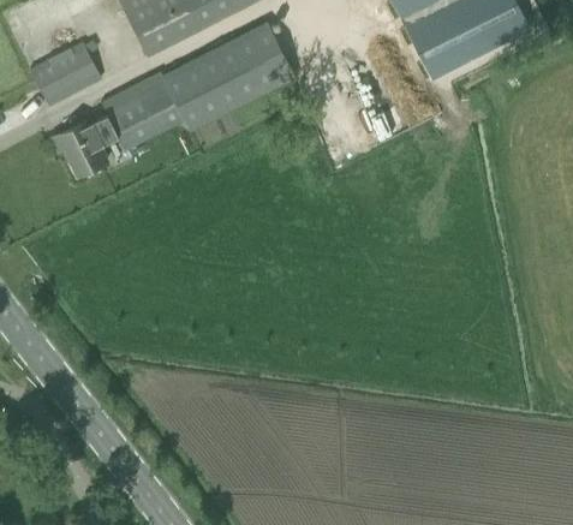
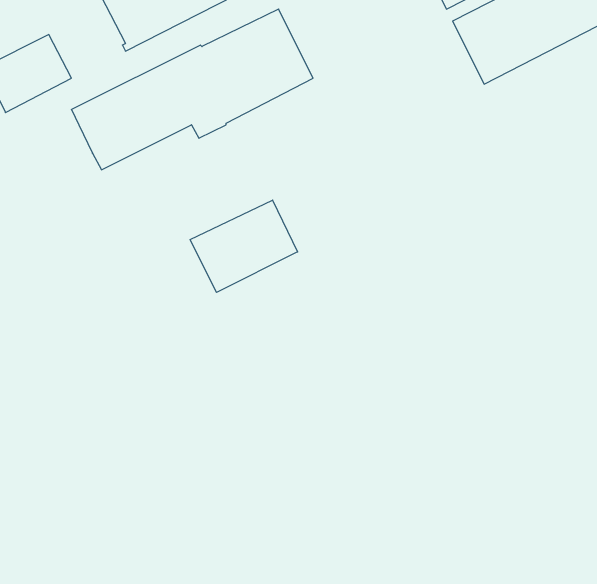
building: [53,117,118,177] -> none
building: none -> [190,200,298,292]

